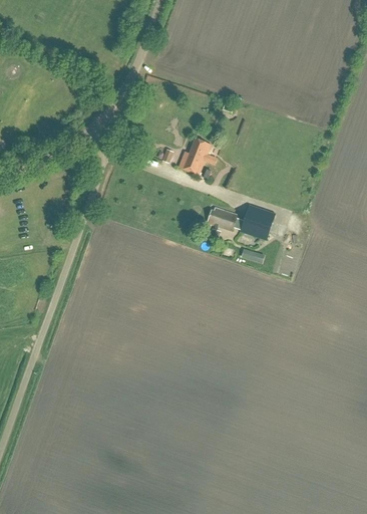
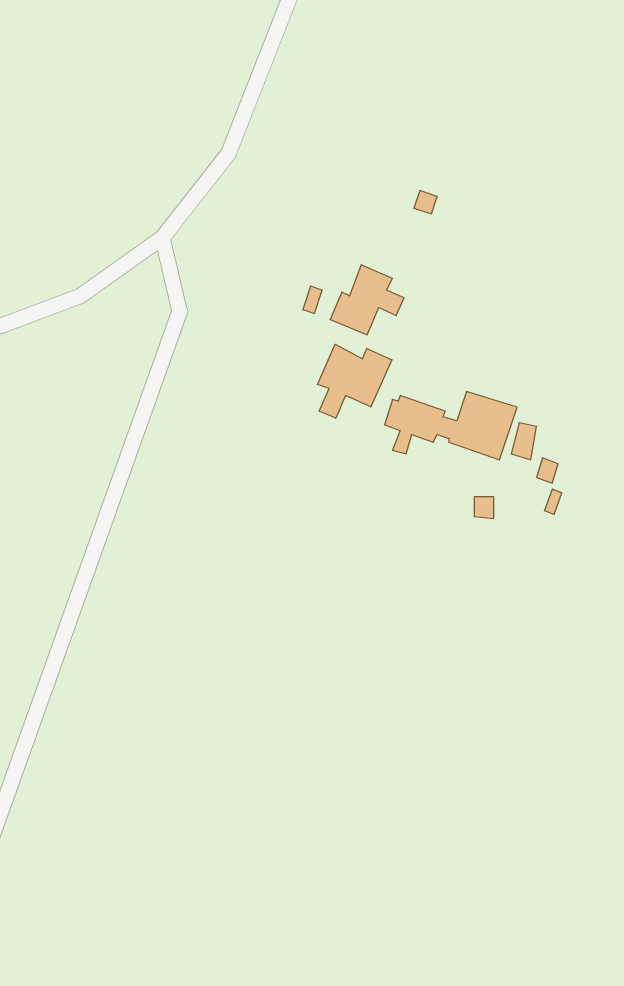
building: none -> [318,344,392,418]

